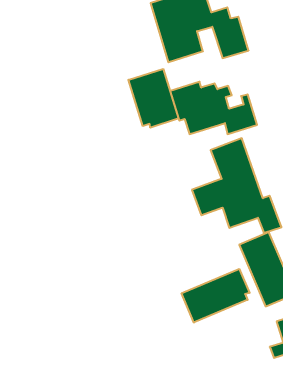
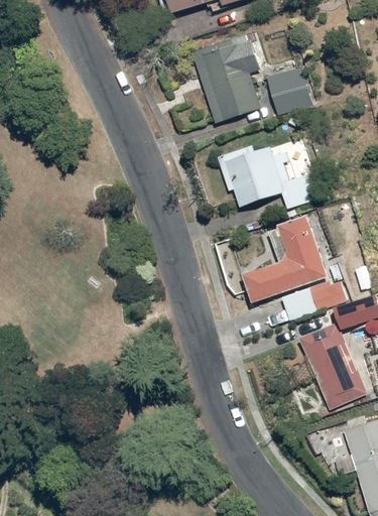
building: [128,69,179,128] -> none
building: [182,269,250,323] -> none

